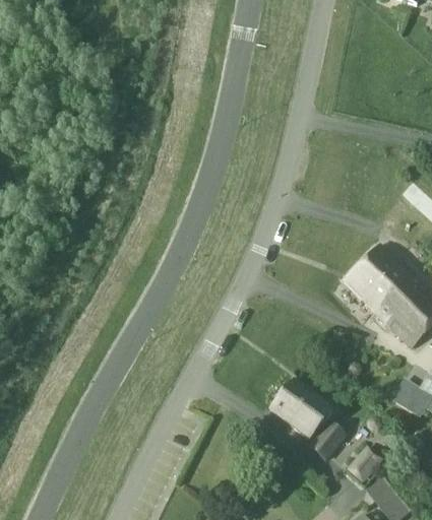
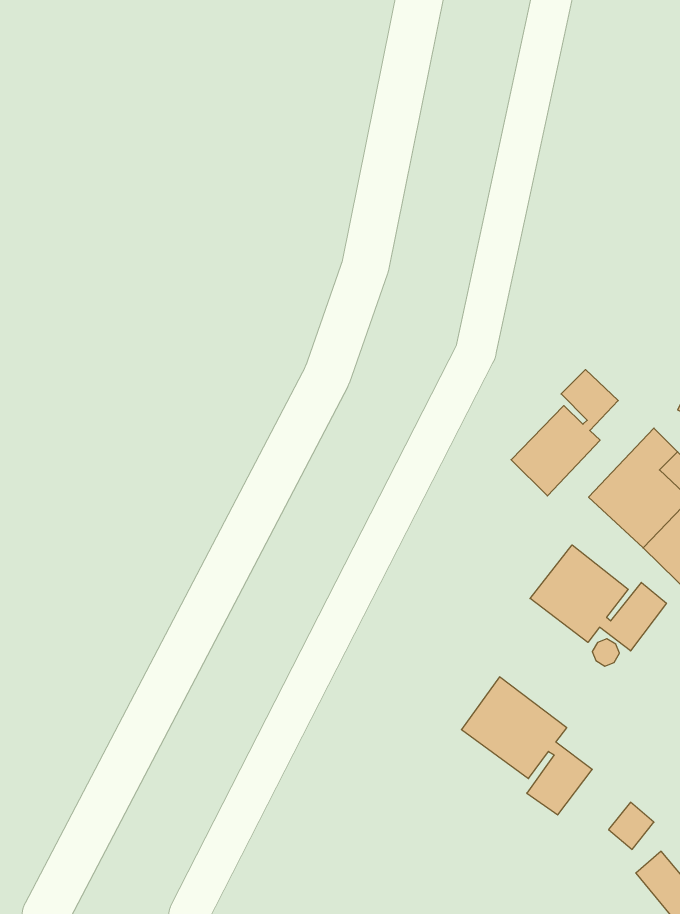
building: none -> [511,370,618,496]
building: none -> [530,545,666,651]

